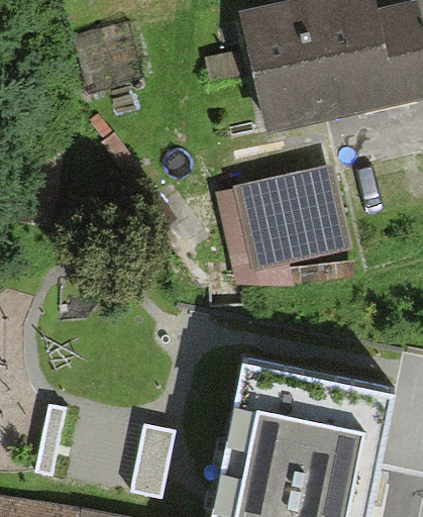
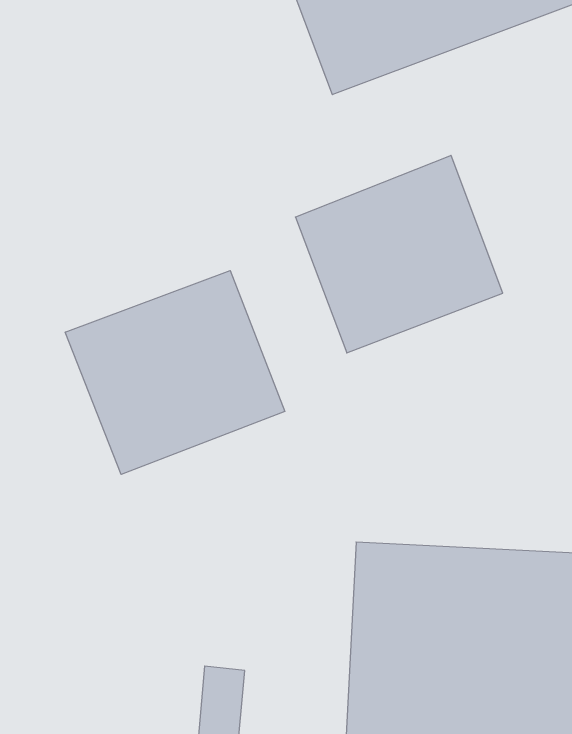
building: none -> [65,271,285,474]

